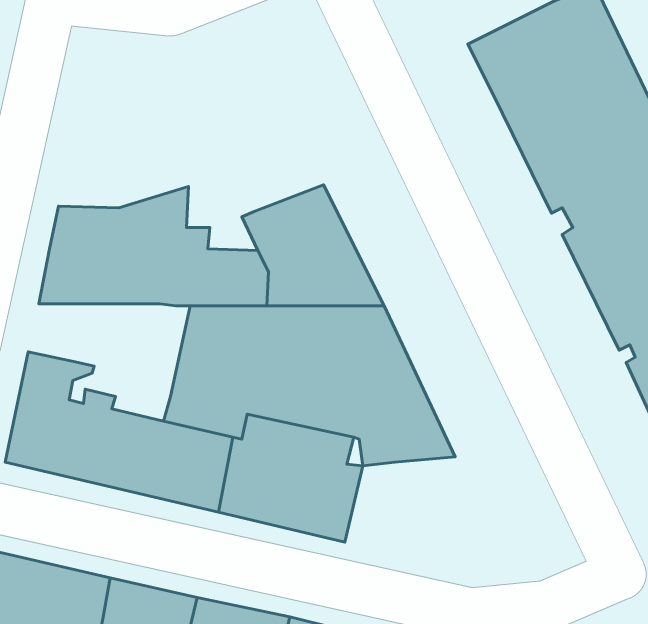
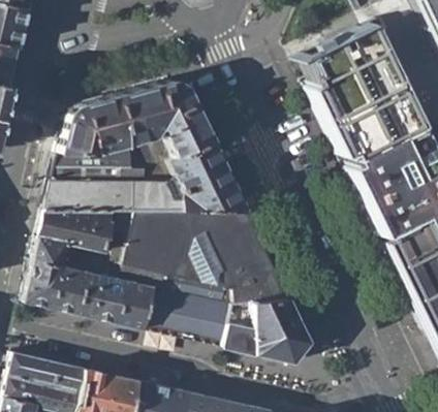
building: none -> [59,78,213,156]
building: none -> [41,210,118,252]
building: none -> [225,298,311,363]

